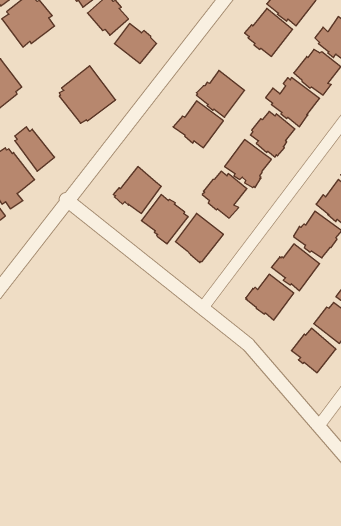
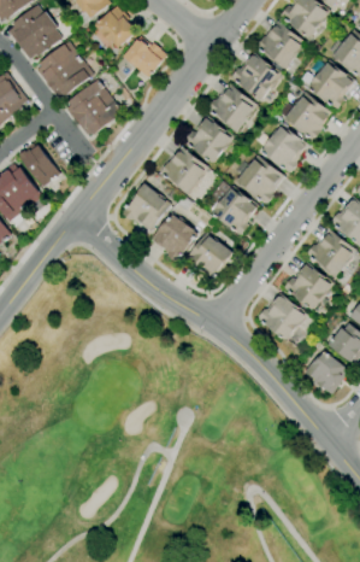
building: none -> [37,41,94,96]
building: none -> [231,52,282,100]
building: none -> [159,147,209,195]

